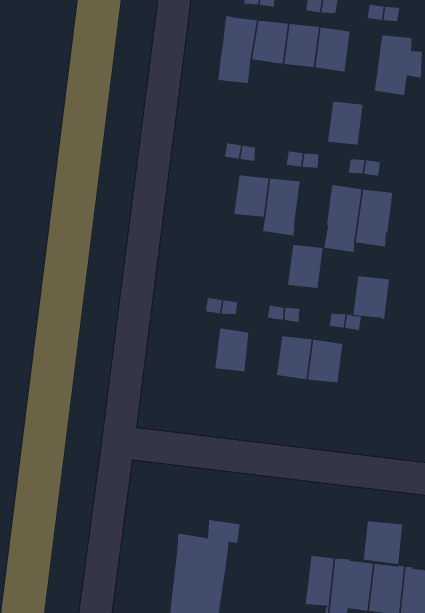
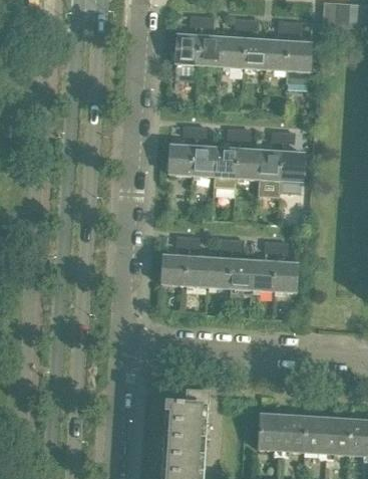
building: [327,101,364,145] -> [266,39,290,69]
building: none -> [169,143,195,174]
building: [287,244,323,288] -> [237,148,261,178]
building: [352,276,390,320] -> [274,261,299,291]
building: none -> [162,253,188,284]
building: none -> [208,257,232,286]
building: [363,521,403,565] -> none

